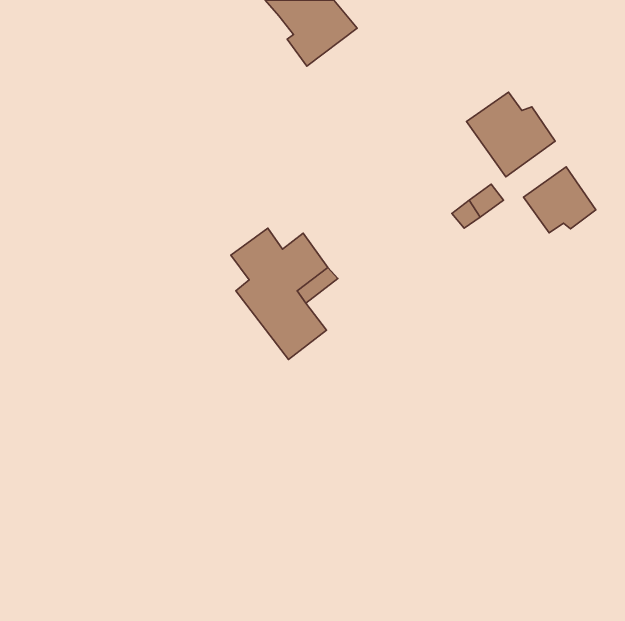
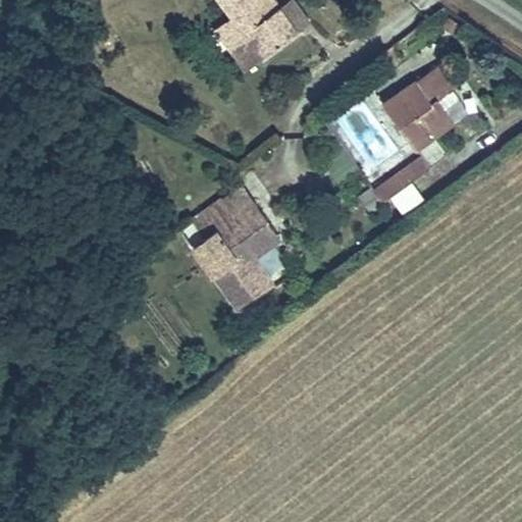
building: none -> [215,18,257,70]
building: [523,167,596,233] -> none

